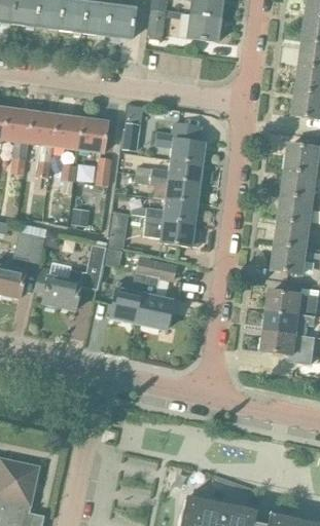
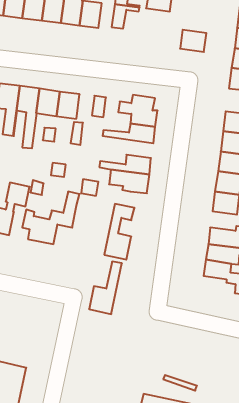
building: [186,13,219,41] -> [180,30,206,52]
building: [134,174,199,201] -> none
building: [109,257,150,323] -> [89,262,122,314]

